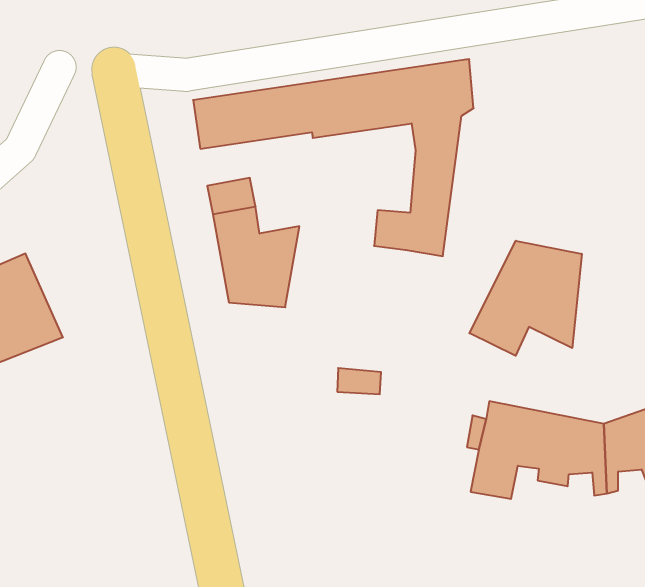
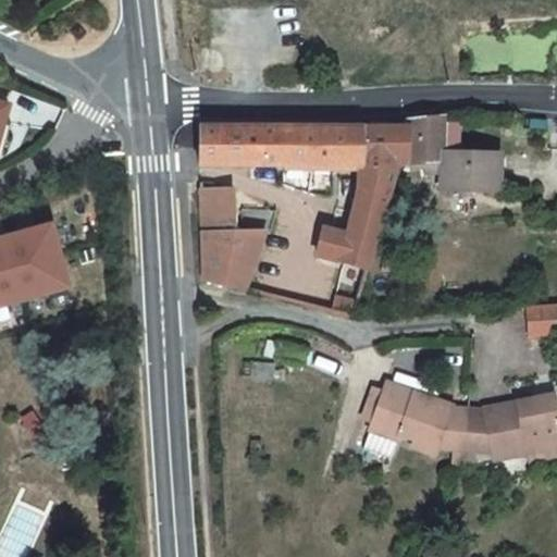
building: none -> [407,114,499,188]
building: [469,241,582,356] -> none

